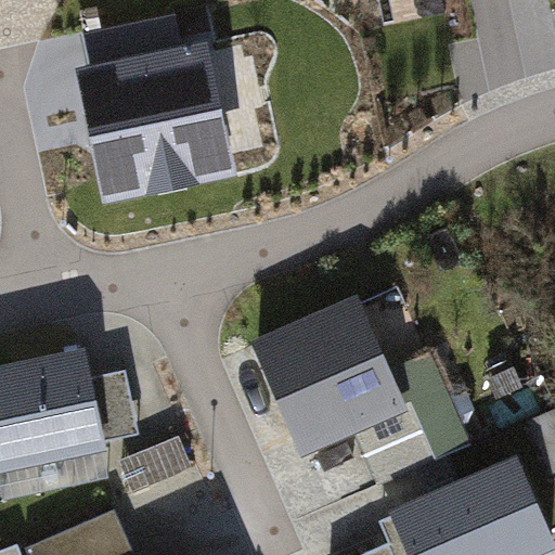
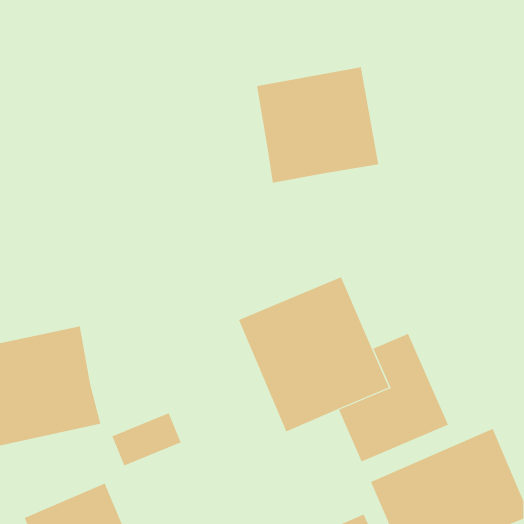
building: [82,20,241,216] -> none
building: none -> [256,67,379,183]

